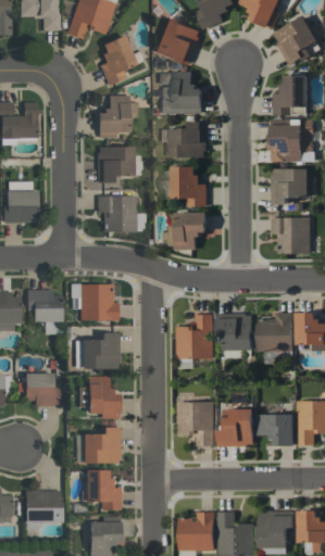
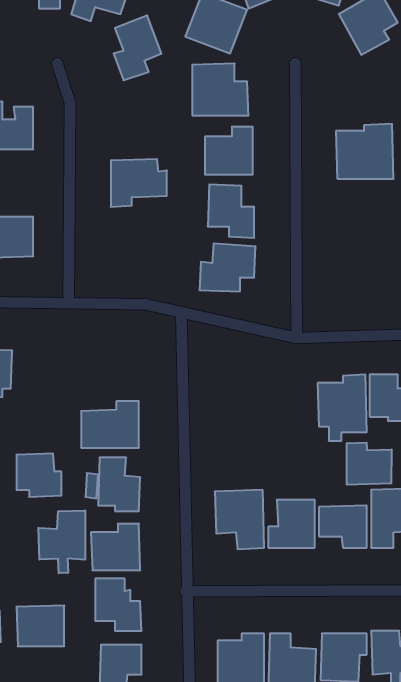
building: [272,75,307,115] -> none
building: [96,94,135,137] -> none
building: [271,167,314,204] -> none
building: [95,194,135,232] -> none
building: [271,216,311,253] -> none
building: [78,283,116,320] -> none
building: [25,289,61,321] -> none
building: [176,314,213,358] -> none
building: [221,314,252,350] -> none
building: none -> [347,443,392,485]
building: none -> [38,510,85,573]

